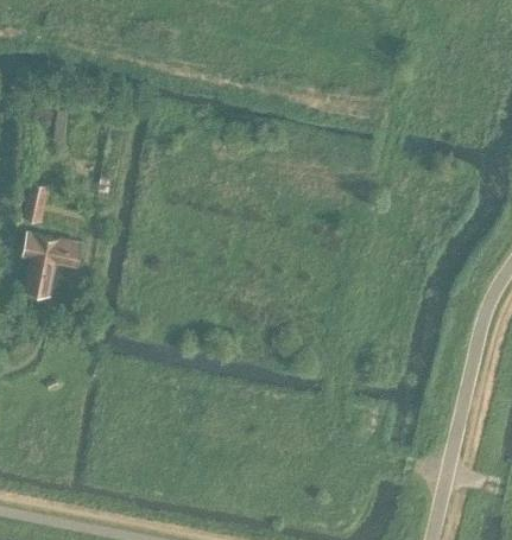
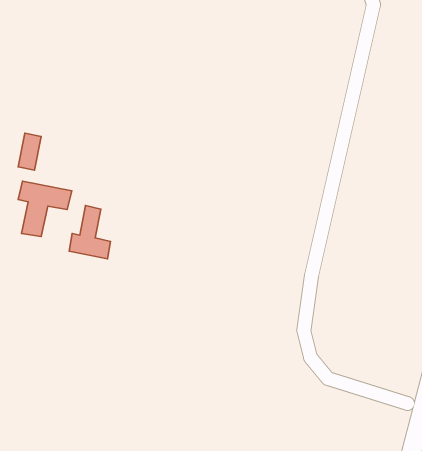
building: none -> [69,205,111,259]

